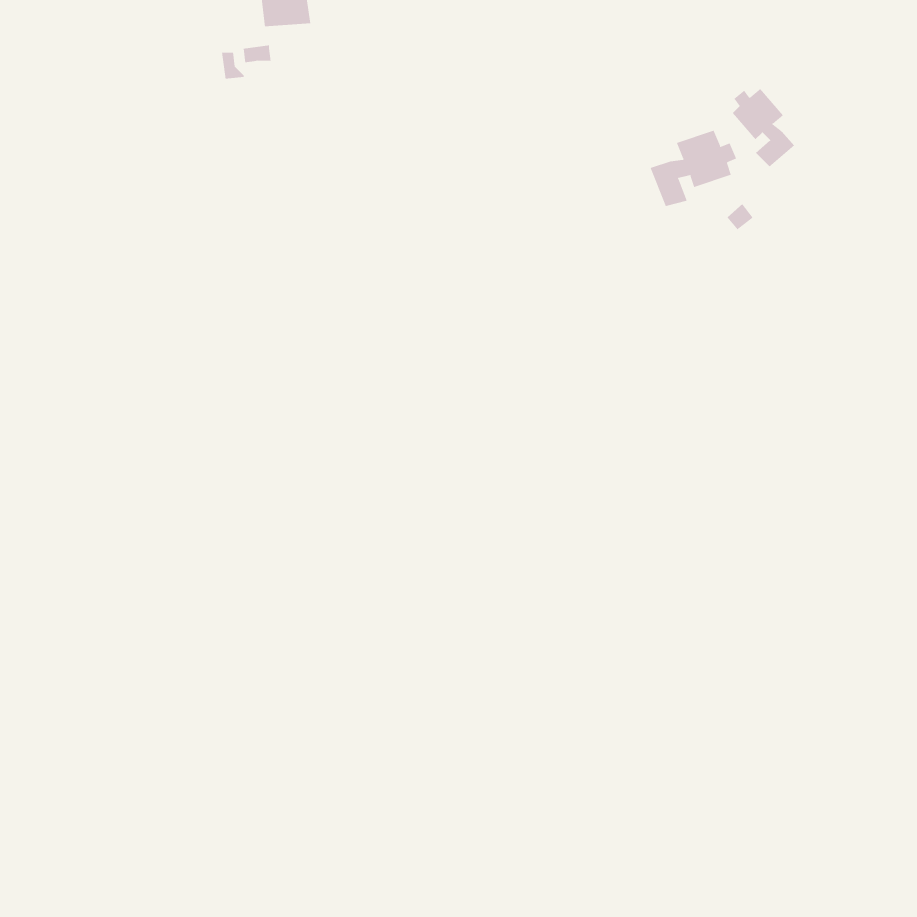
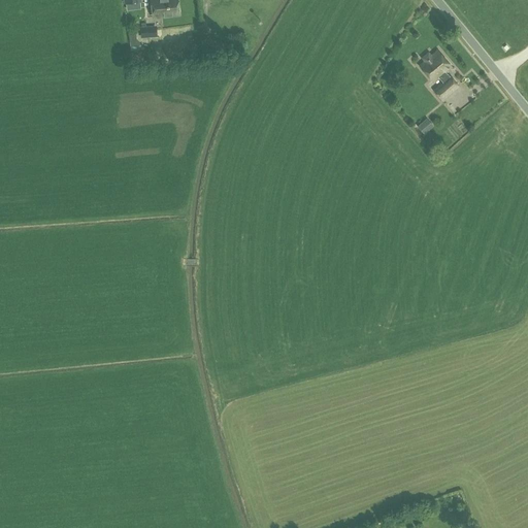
building: [650,130,737,207] -> none

